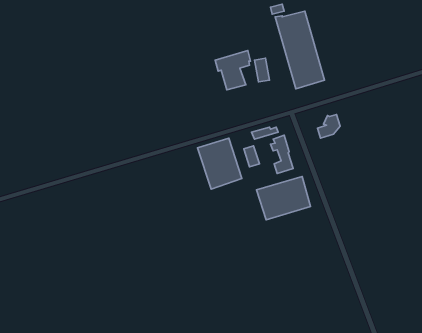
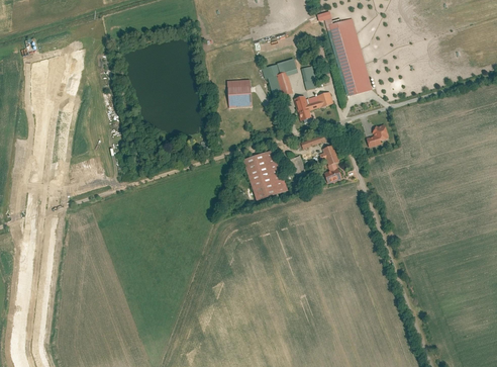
building: none -> [228,79,254,107]
building: none -> [294,92,333,121]
building: [257,176,310,220] -> none

